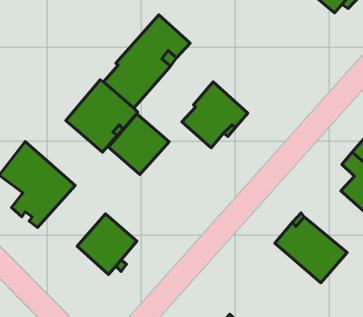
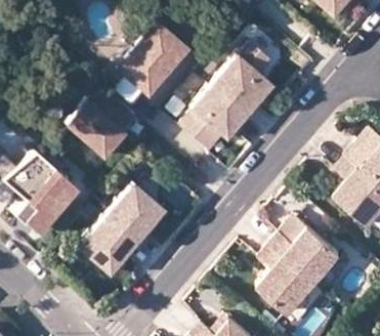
building: none -> [213,44,271,117]
building: [108,114,169,174] -> [108,182,167,242]
building: none -> [262,244,319,311]

